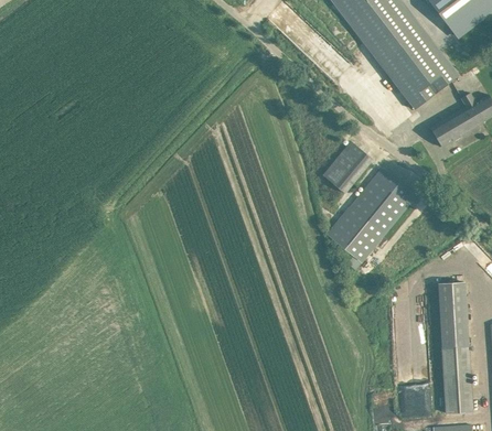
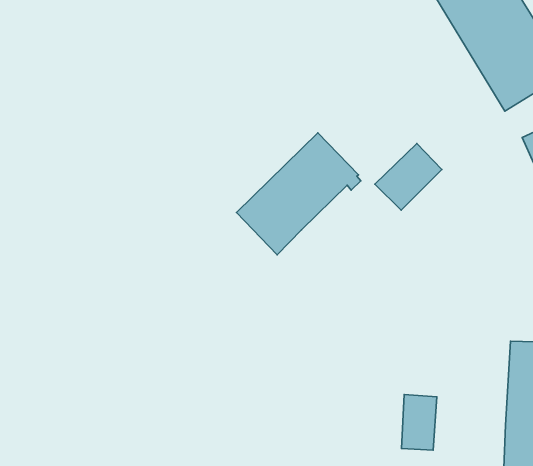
building: [328,166,419,262] -> [237,133,361,255]
building: none -> [401,394,437,450]

